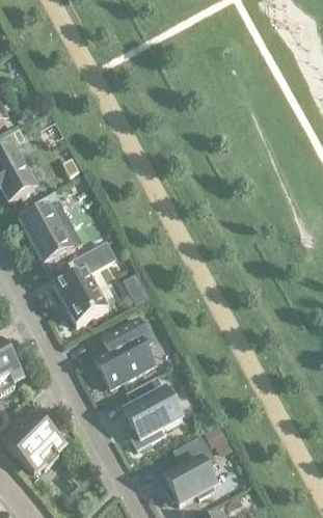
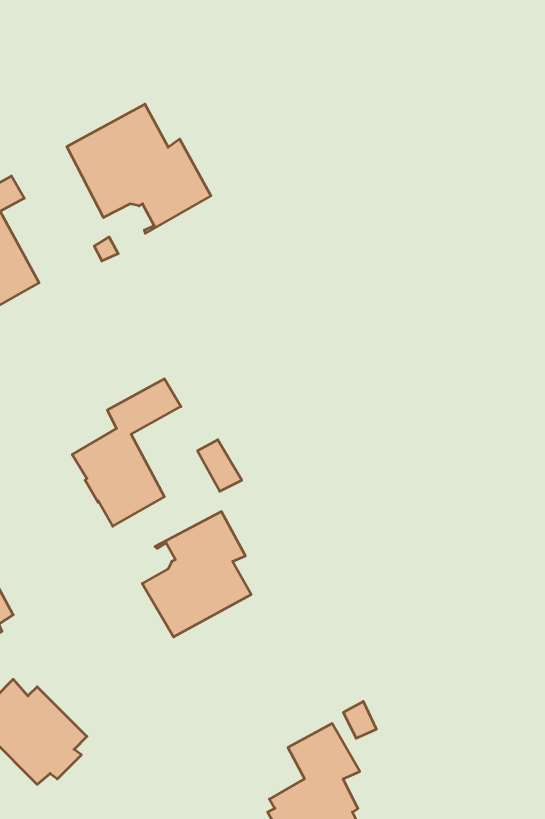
building: none -> [67,104,211,233]
building: [20,200,71,264] -> none
building: [124,377,182,448] -> none

